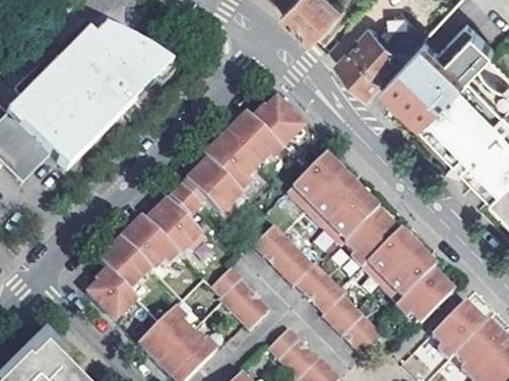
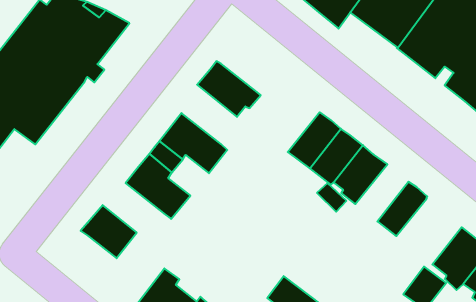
building: [251,98,303,147] -> none
building: [203,133,260,193] -> none
building: [288,155,340,208] -> none
building: [121,216,180,270] -> none
building: [248,219,378,348] -> none
building: [364,232,418,285] -> none
building: [84,265,135,320] -> none
building: [210,266,268,328] -> none
building: [397,269,453,320] -> none

